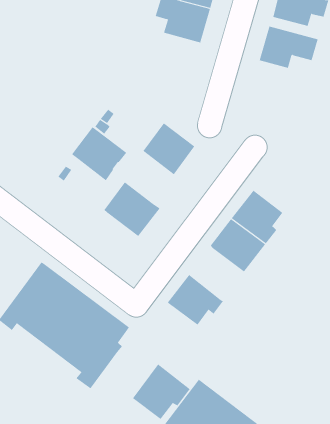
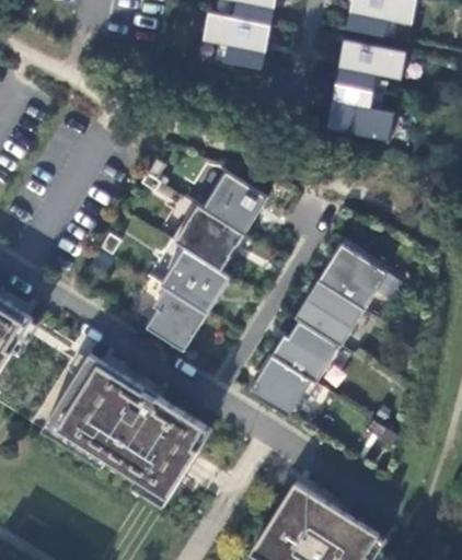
building: none -> [327,84,394,140]
building: [71,127,127,181] -> [174,206,243,271]
building: none -> [146,288,206,351]
building: none -> [272,320,338,383]
building: [132,364,191,420] -> none

